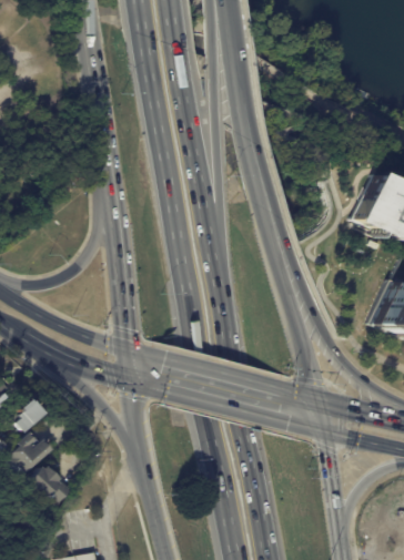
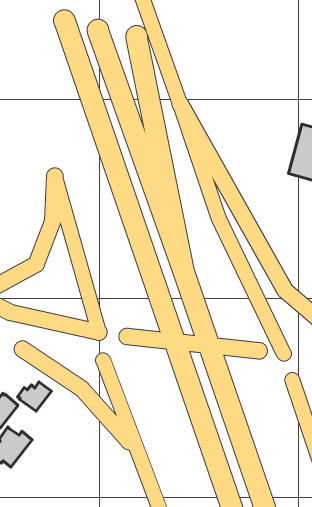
building: none -> [18,382,52,411]
building: [26,465,71,502] -> none

